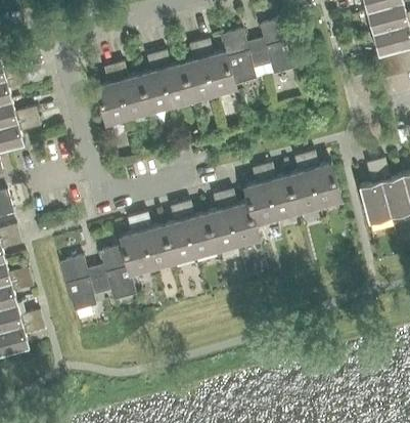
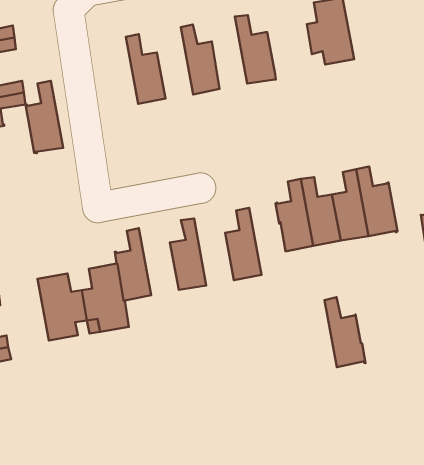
building: [220,33,262,87] -> none
building: [182,44,213,102] -> none
building: [139,56,171,114] -> none
building: [95,68,128,126] -> [25,81,63,153]
building: [223,192,260,247] -> [324,297,366,367]
building: [180,204,216,259] -> none
building: [137,215,173,270] -> none

